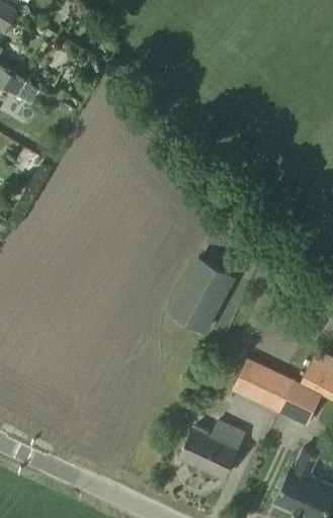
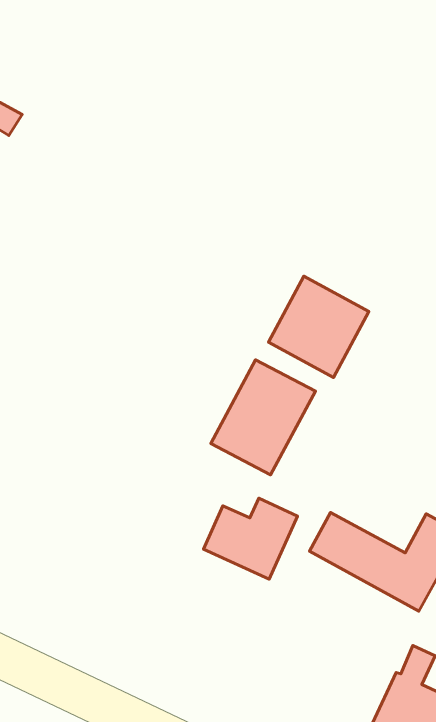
building: none -> [269,276,369,377]
building: [180,423,244,478] -> [203,498,298,579]

